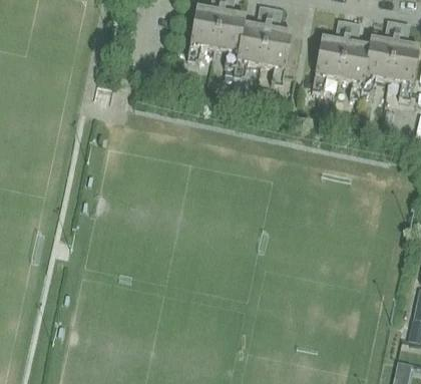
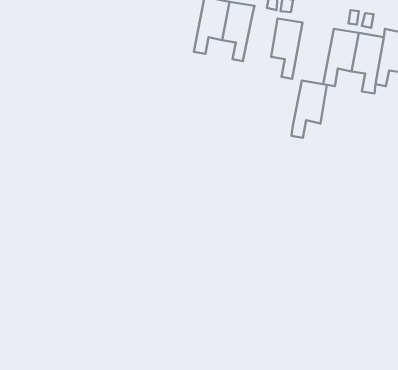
building: [234,22,268,77] -> [291,81,327,138]

